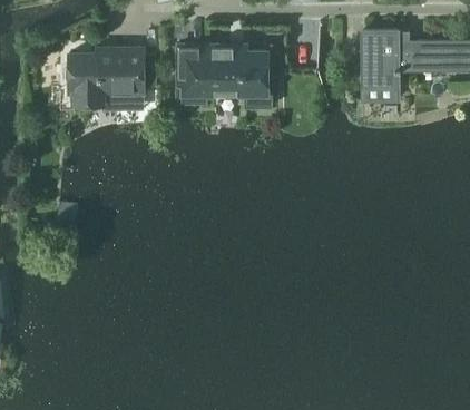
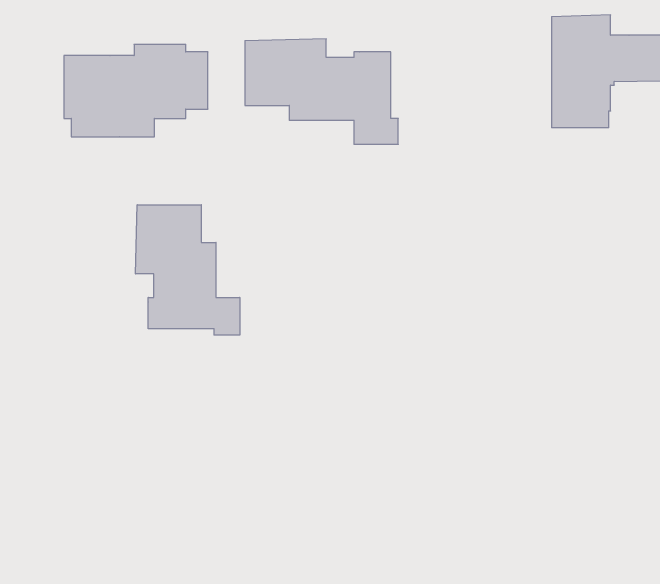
building: none -> [136,205,240,335]

